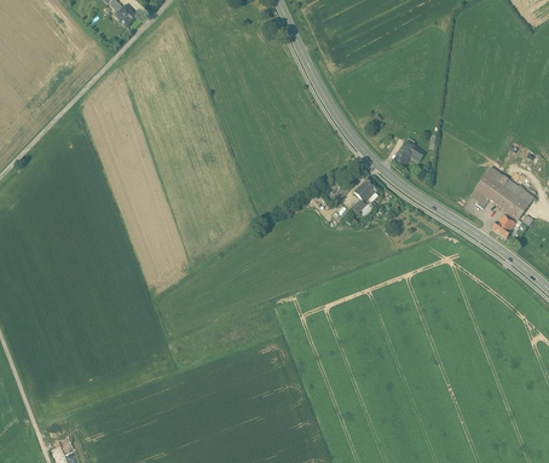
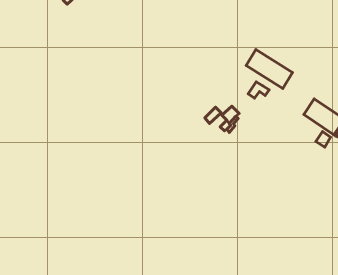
building: none -> [246,50,293,89]

